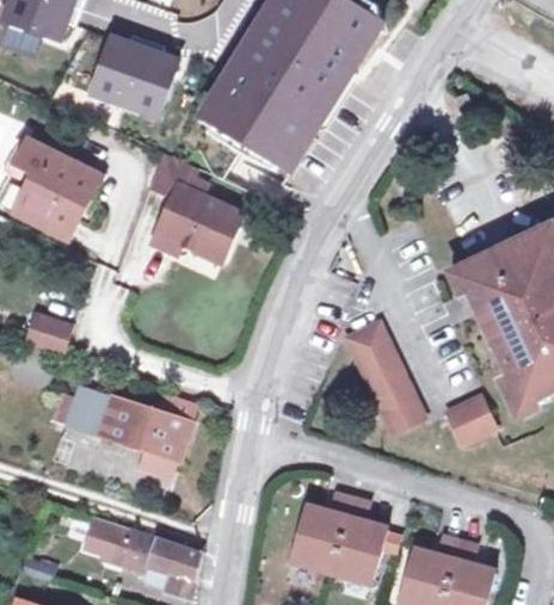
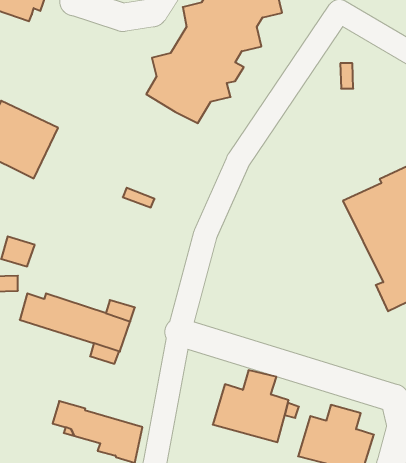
building: [91,35,177,117] -> none
building: [146,149,239,259] -> none
building: [346,321,424,431] -> none
building: [448,394,495,440] -> none

